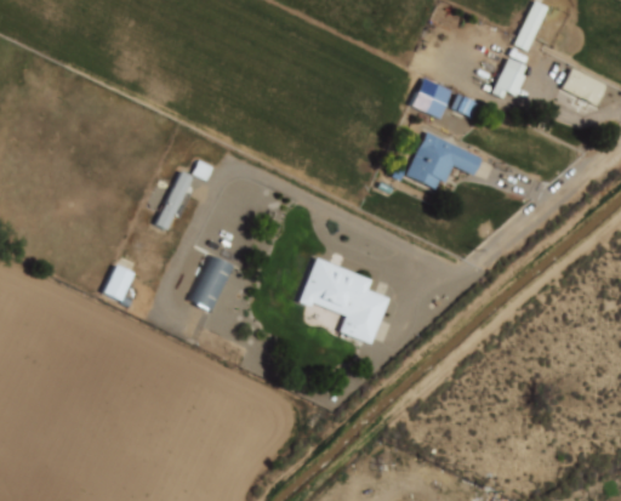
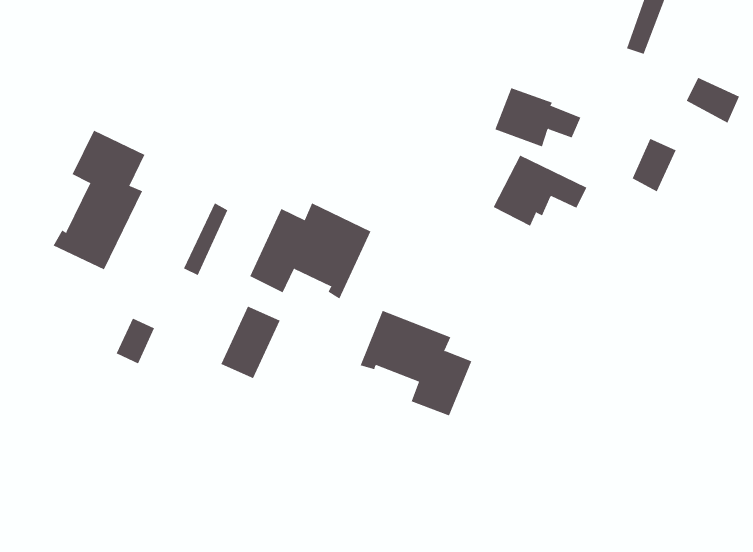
building: [491,57,528,101] -> [632,138,677,192]
building: none -> [53,130,145,270]
building: none -> [249,202,371,300]

